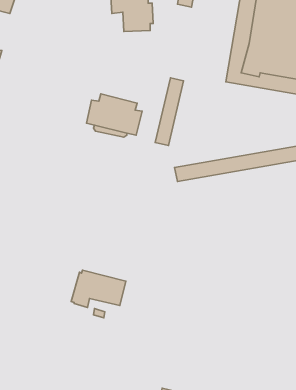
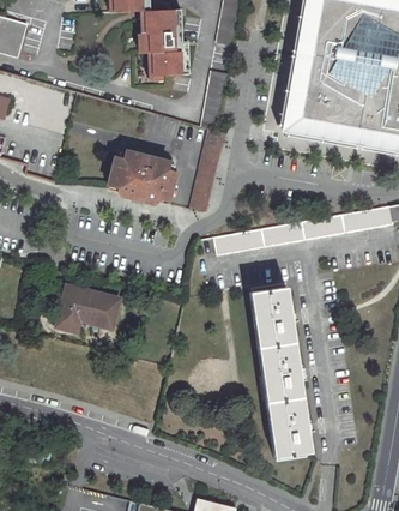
building: none -> [201,70,229,131]
building: none -> [252,285,312,456]
building: [71,270,126,307] -> [54,285,119,330]

